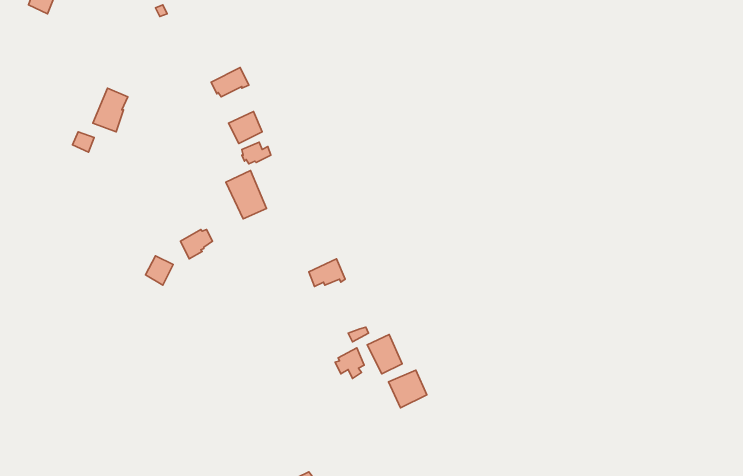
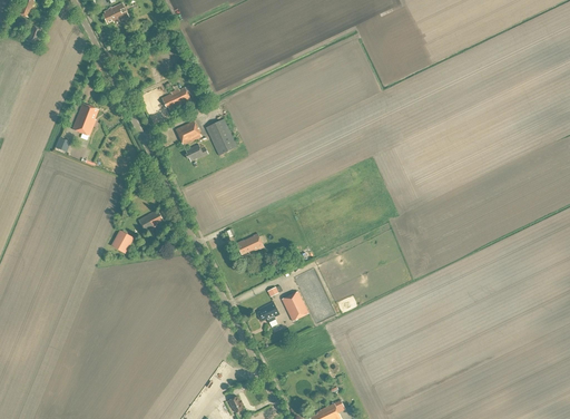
building: [226,171,267,219] -> [205,118,236,155]
building: [388,370,427,408] -> none

